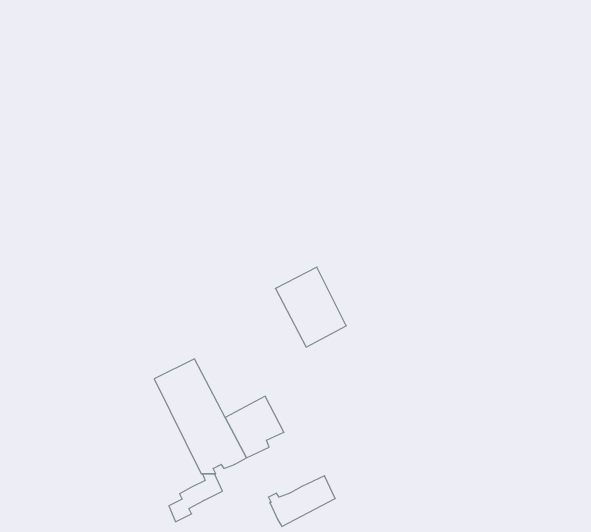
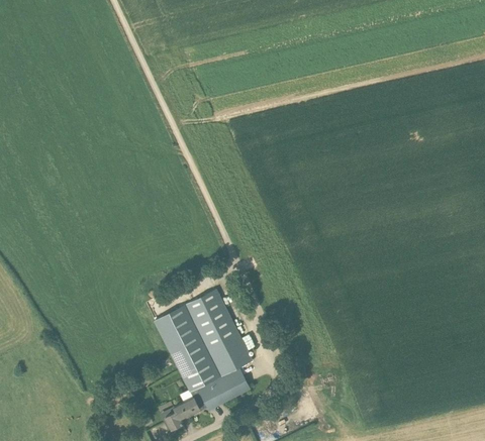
building: [275,267,346,347] -> [185,289,238,349]
building: [268,476,335,526] -> [199,371,250,410]

